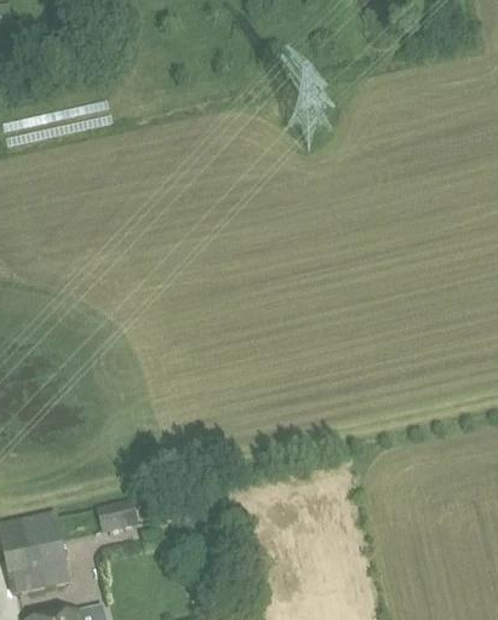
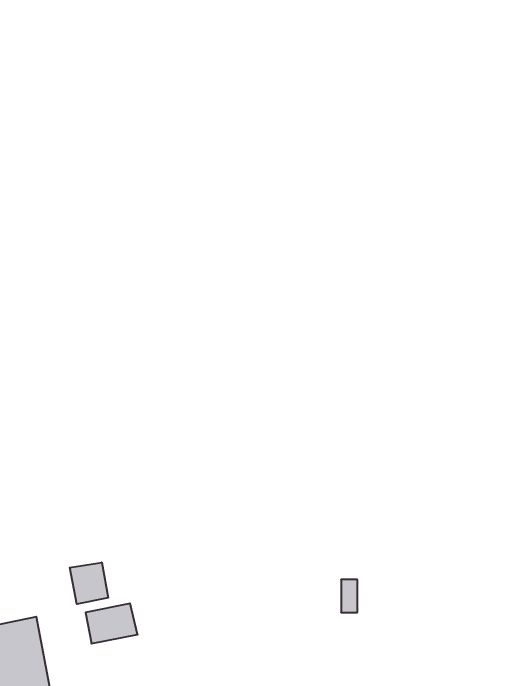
building: none -> [70,562,108,604]

